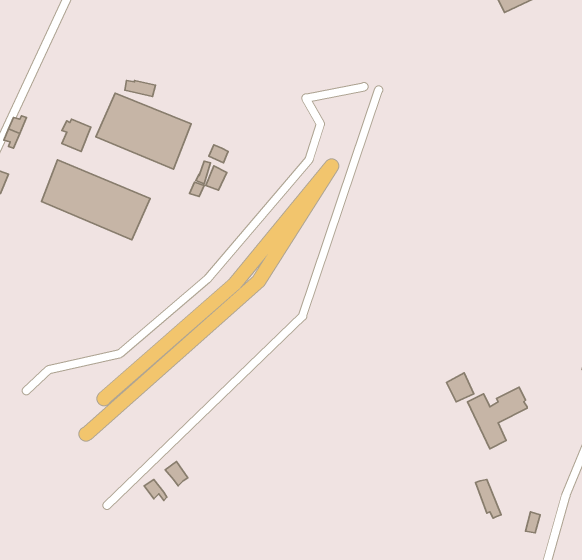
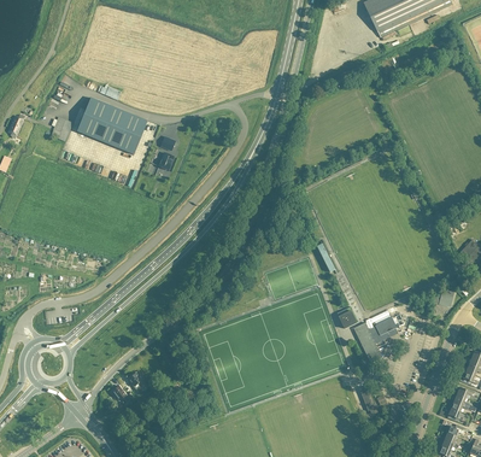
building: [42,160,150,240] -> none

